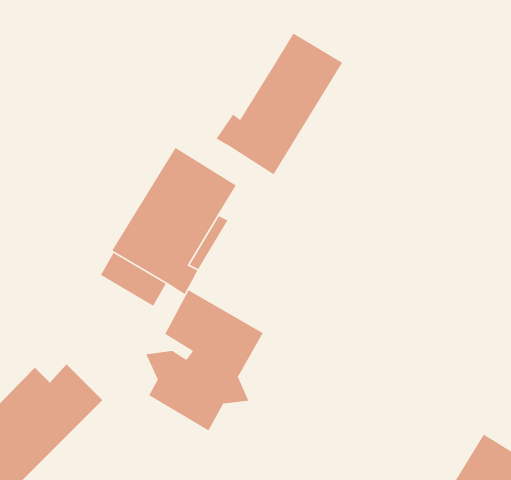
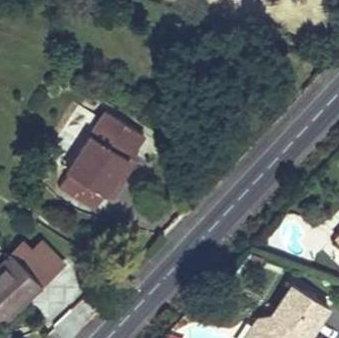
building: [216,33,343,175] -> none
building: [145,289,264,431] -> none

